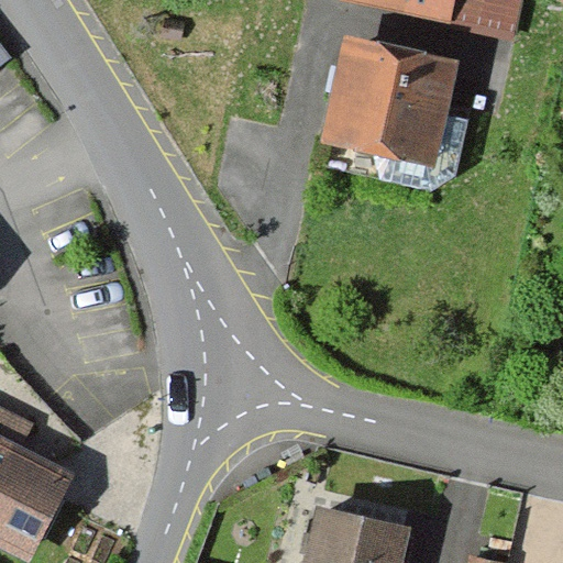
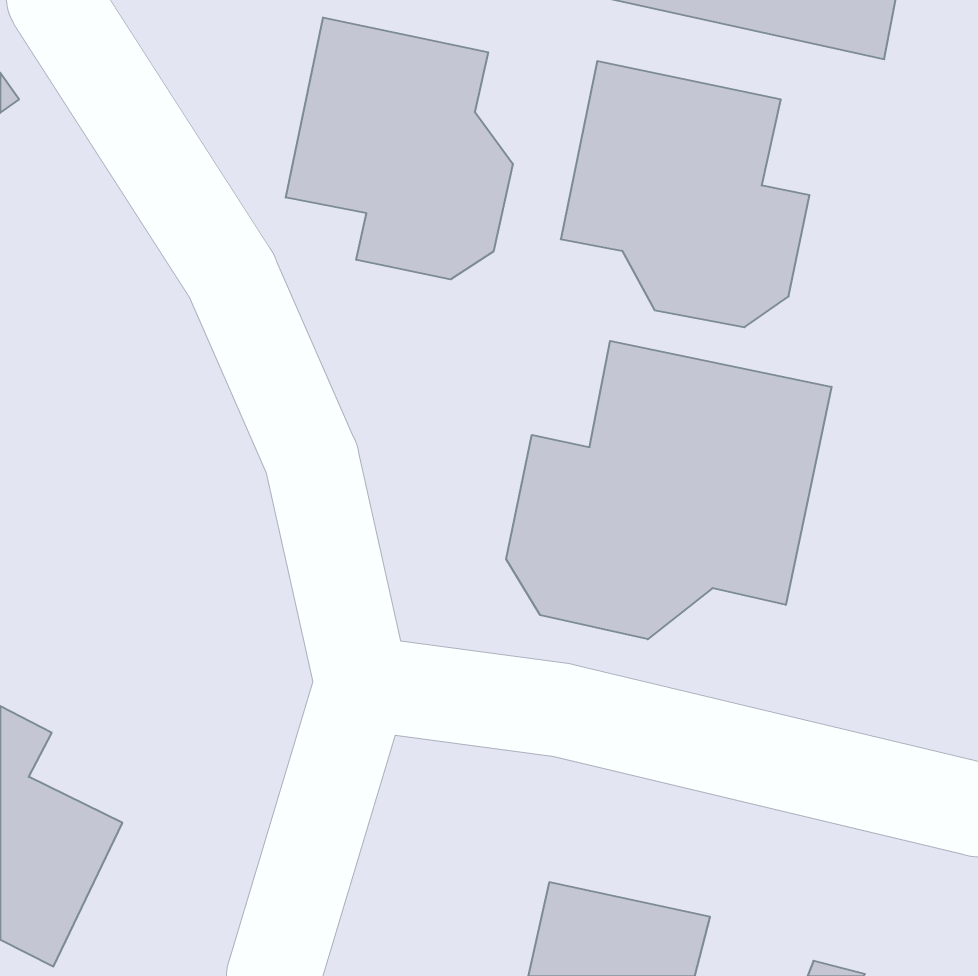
building: none -> [286,17,513,279]
building: none -> [506,341,832,639]

